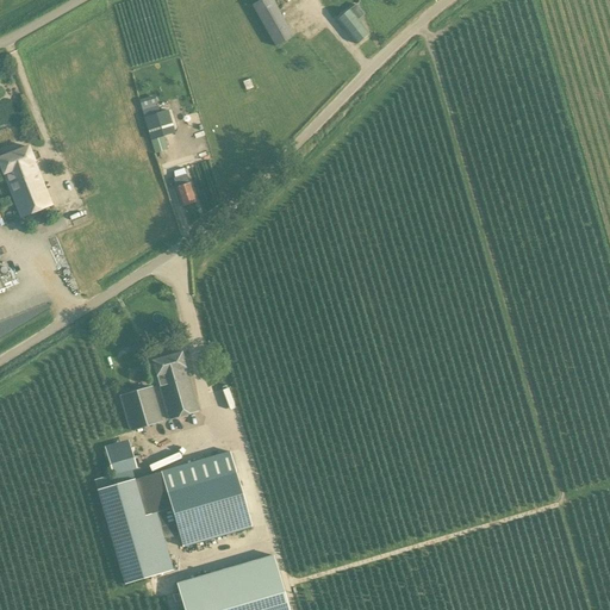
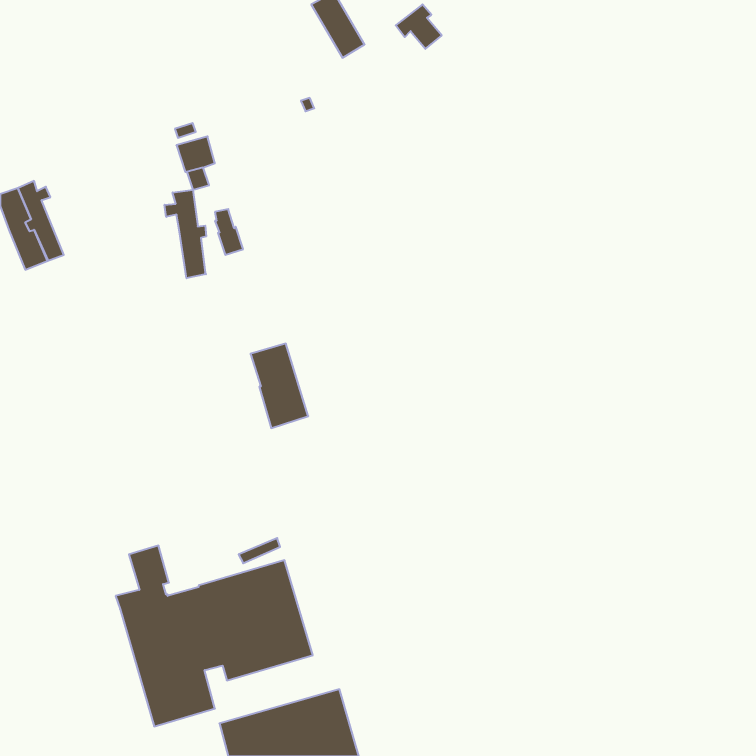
building: none -> [165,190,206,278]
building: [152,351,199,419] -> [250,344,308,428]
building: [119,386,163,430] -> none

